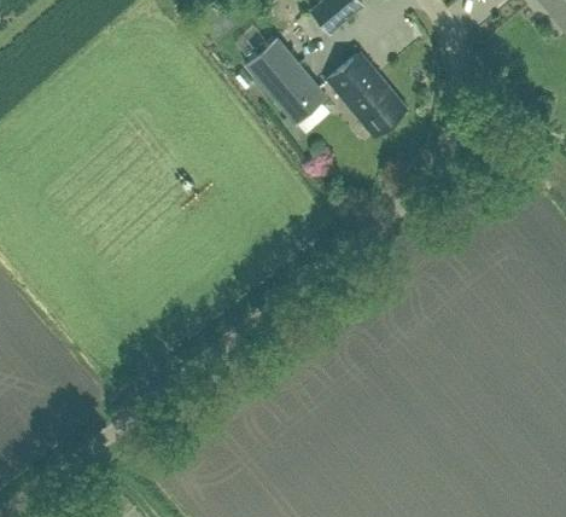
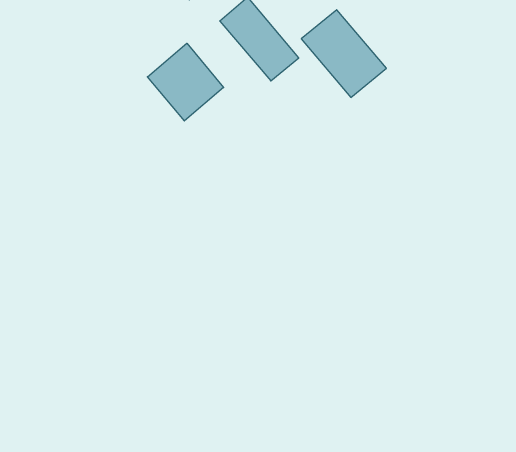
building: none -> [147,43,224,121]

